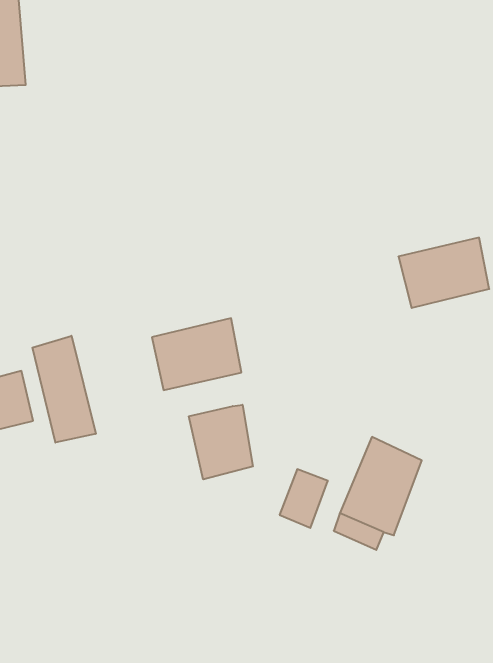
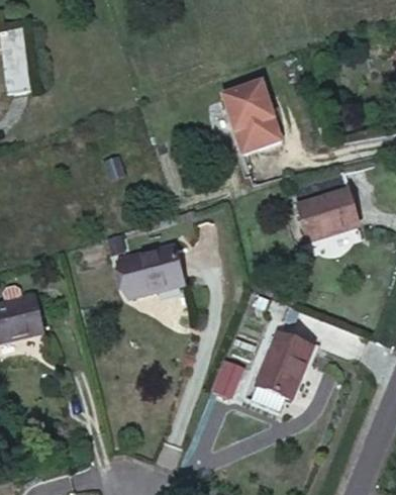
building: none -> [221,93,277,160]
building: [32,336,96,443] -> none
building: [189,405,253,479] -> none

